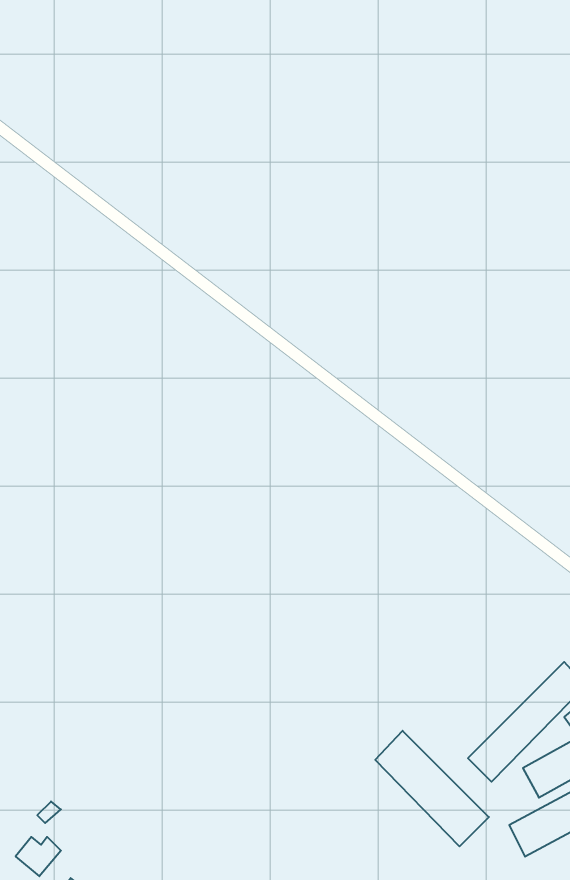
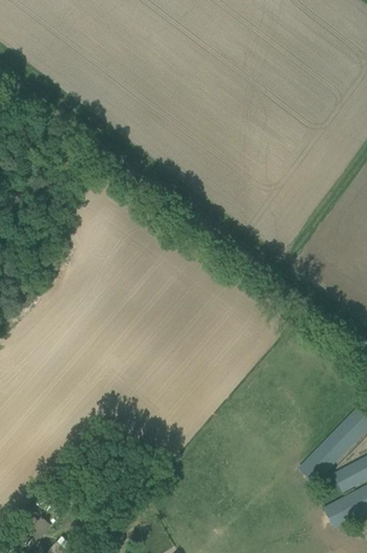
building: [375,731,489,846] -> none

